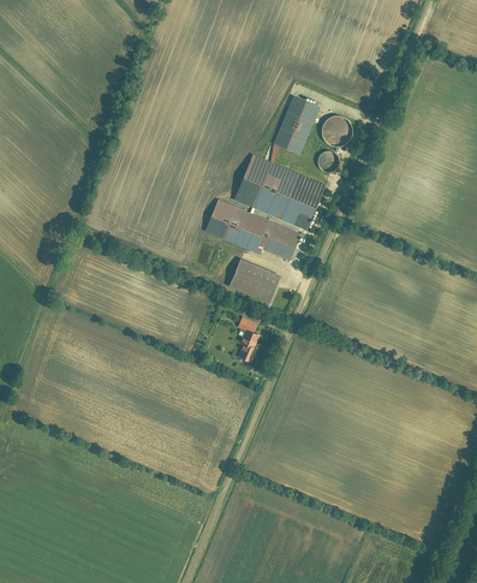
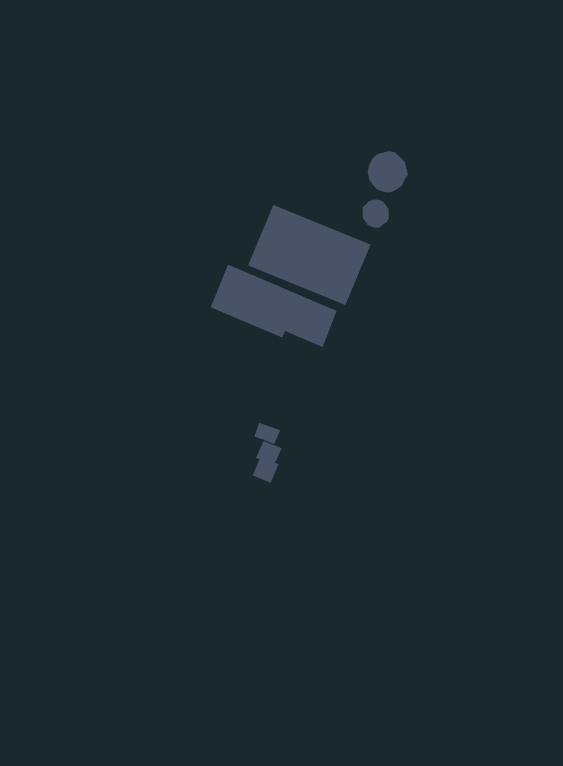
building: [272,95,320,154] -> none
building: [228,257,281,302] -> none

